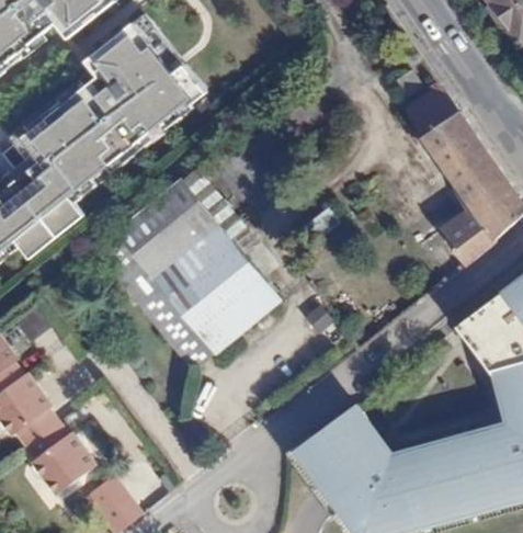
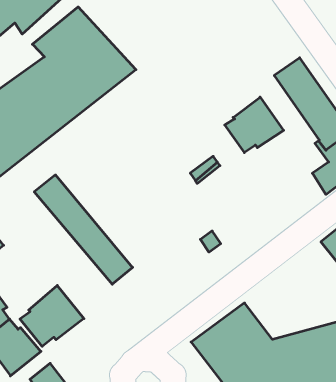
building: none -> [225,97,284,153]
building: [116,172,274,352] -> none
building: none -> [20,285,84,346]

